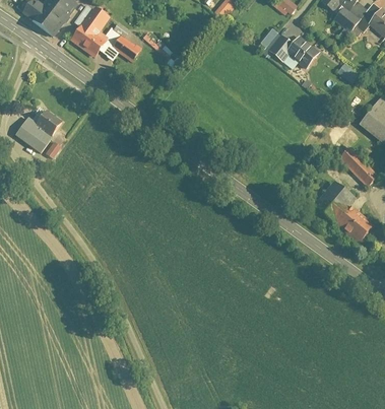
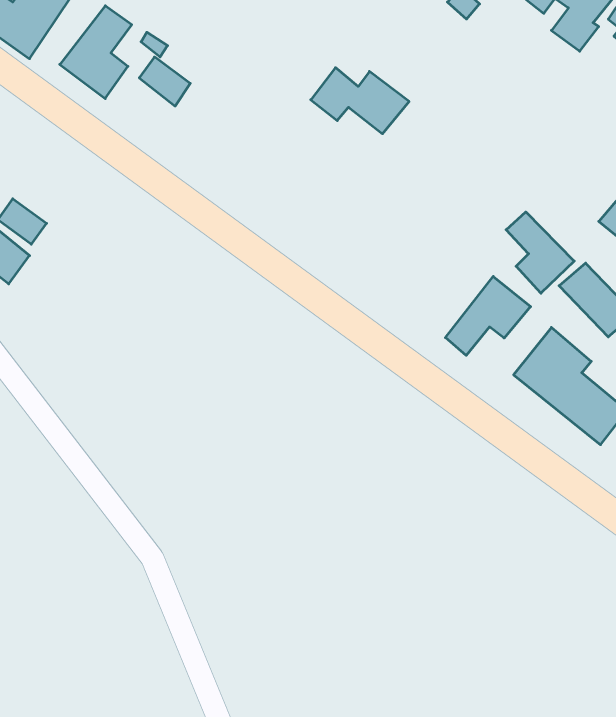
building: [266,33,319,69] -> [311,68,409,134]
building: none -> [506,212,574,293]
building: none -> [445,276,531,355]

